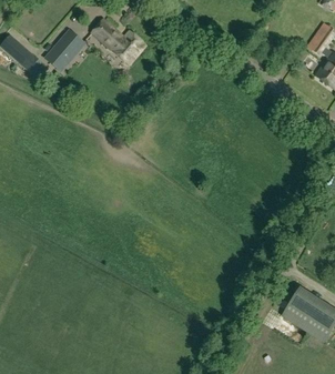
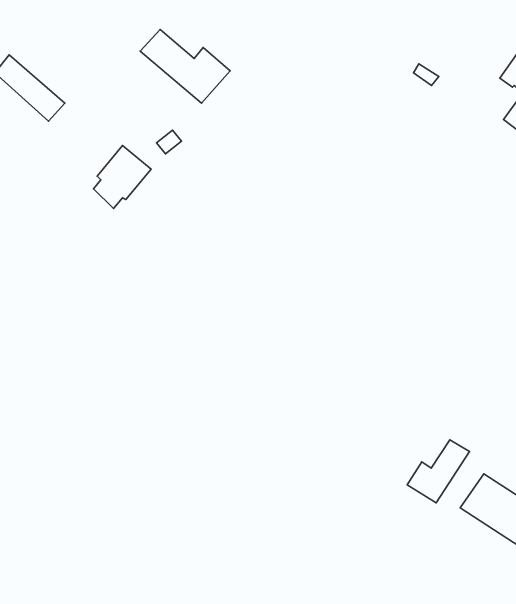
building: [48,30,83,69] -> [94,146,151,209]
building: none -> [407,440,469,503]

